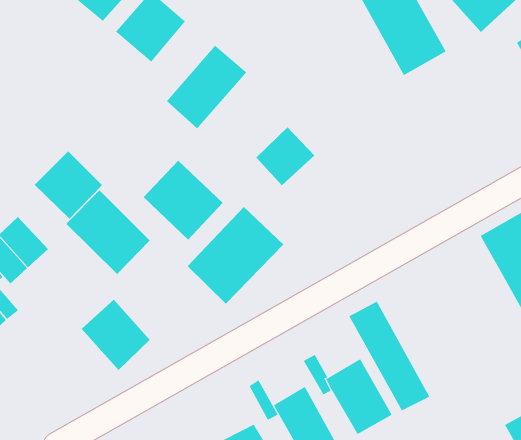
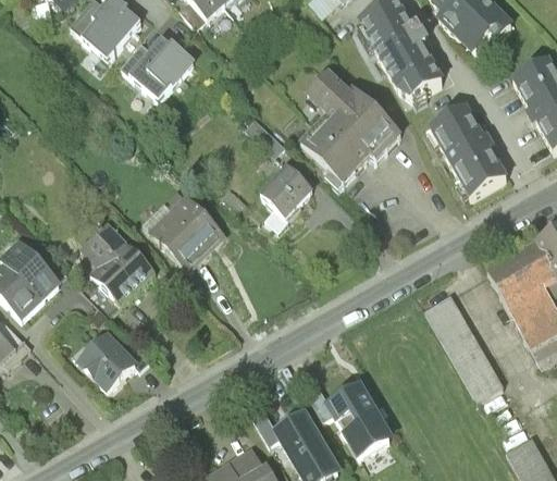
building: none -> [301,61,398,180]
building: [166,45,247,129] -> none
building: none -> [432,102,508,195]
building: [34,151,103,220] -> none
building: [187,206,284,305] -> none
building: [348,301,430,411] -> [422,294,503,403]

